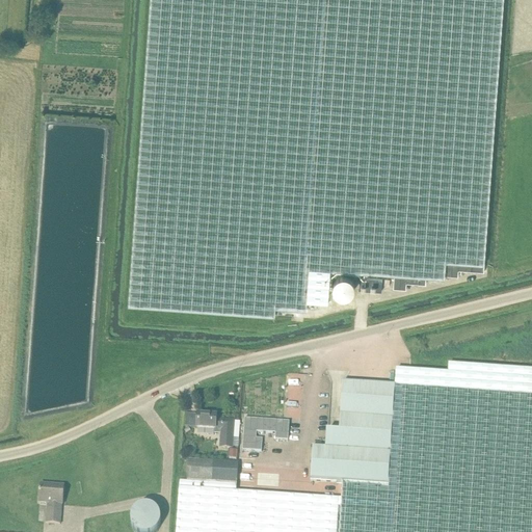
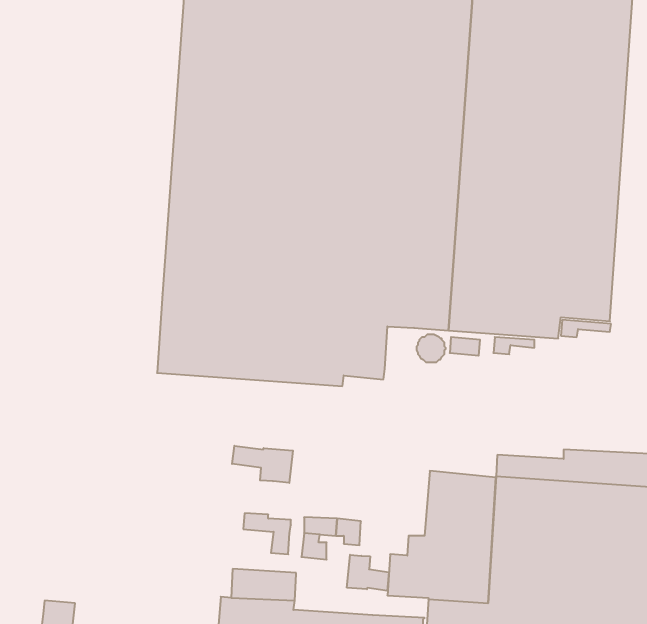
building: [308,268,330,302] -> none
building: none -> [232,446,293,483]
building: none -> [347,555,389,591]

